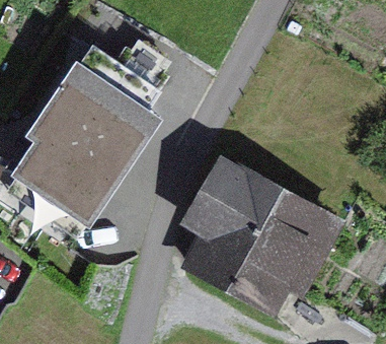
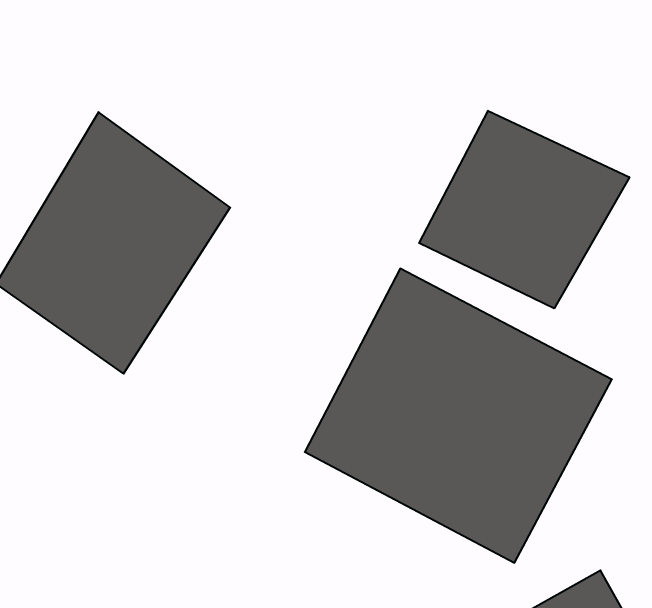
building: none -> [419,111,629,308]

